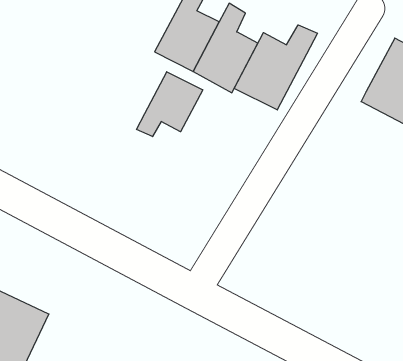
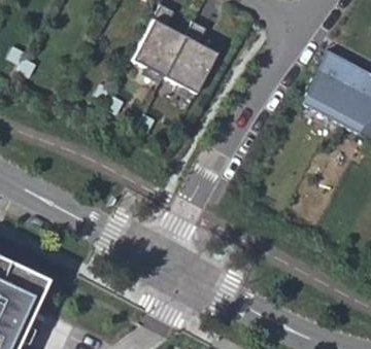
building: [234,25,317,110] -> none
building: [137,72,203,137] -> none

